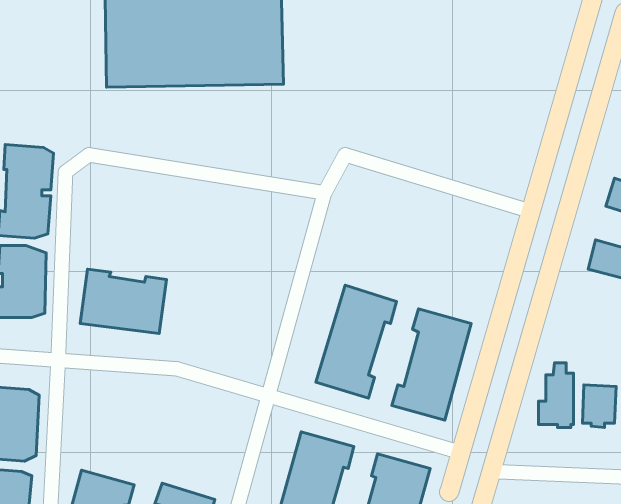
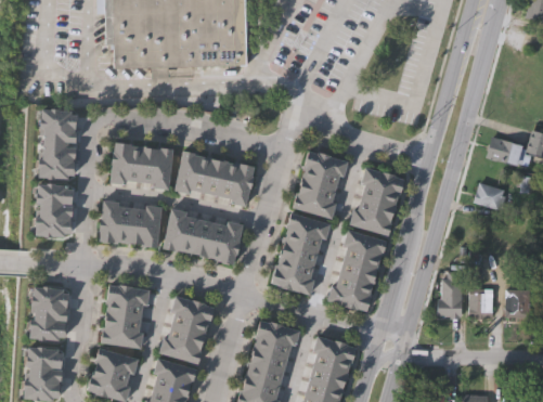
building: none -> [108,141,173,191]
building: none -> [176,151,256,207]
building: none -> [294,151,349,219]
building: none -> [350,168,406,236]
building: none -> [161,208,243,265]
building: none -> [99,285,147,350]
building: none -> [160,296,216,364]

